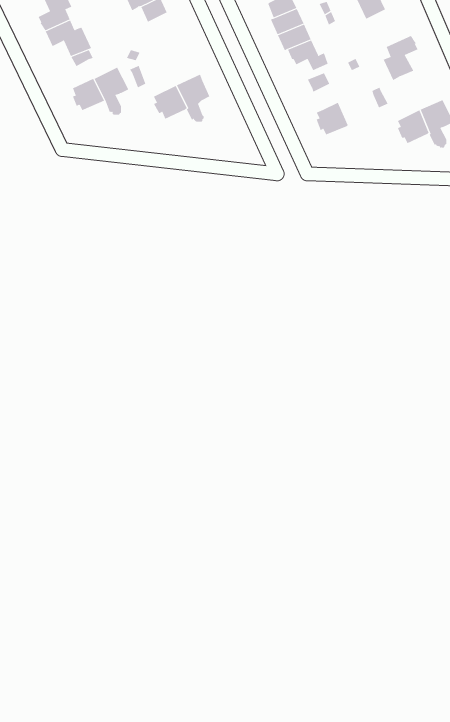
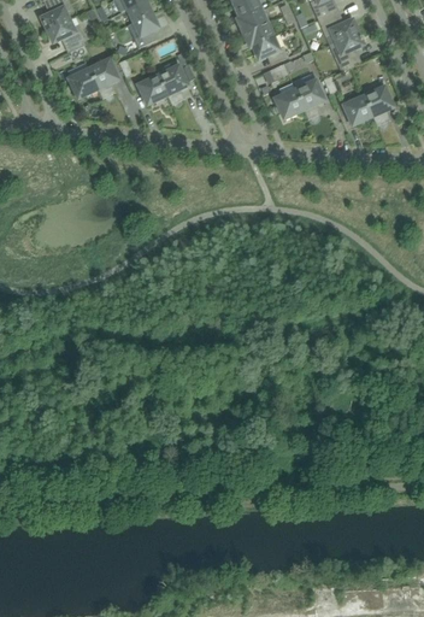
building: none -> [318,8,357,40]
building: none -> [128,11,158,46]
building: none -> [295,77,324,118]

